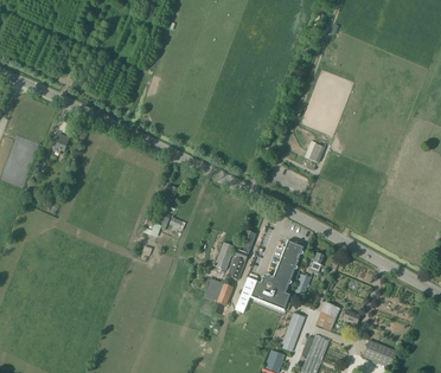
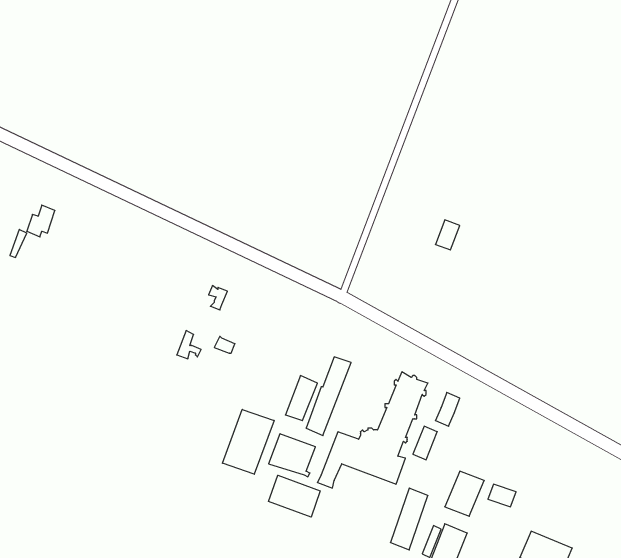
building: none -> [222,409,274,474]
building: none -> [269,475,320,517]

